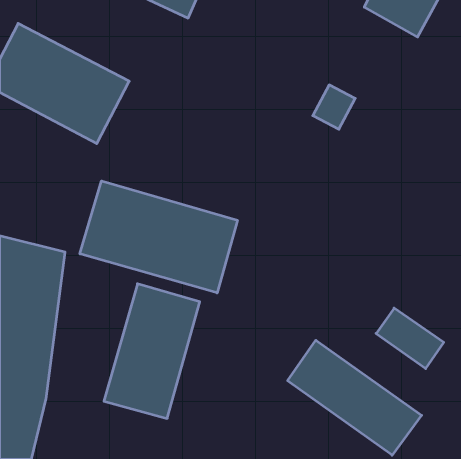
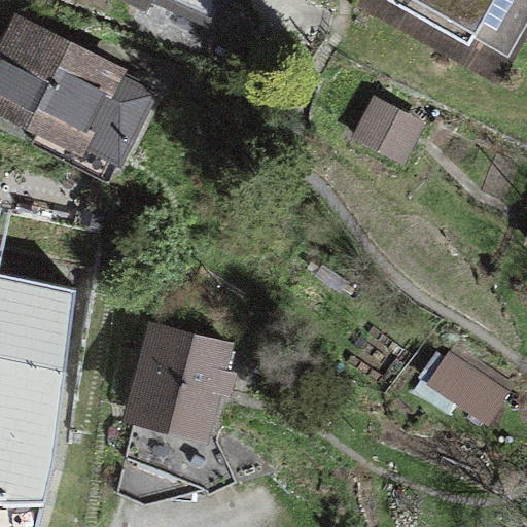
building: [80,181,237,293] -> none
building: [288,340,422,455] -> none

